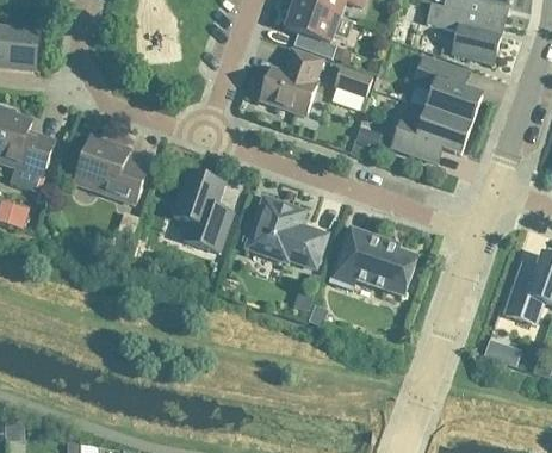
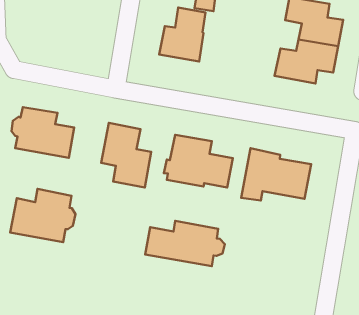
building: [333,64,372,97] -> none
building: none -> [10,189,75,242]
building: none -> [145,221,225,266]

